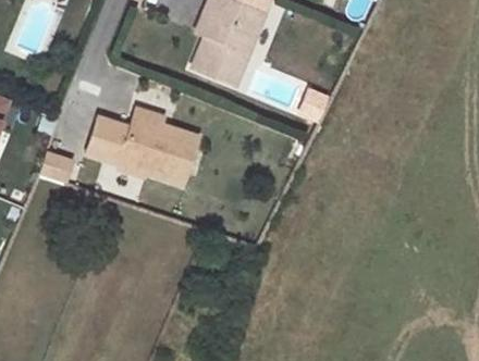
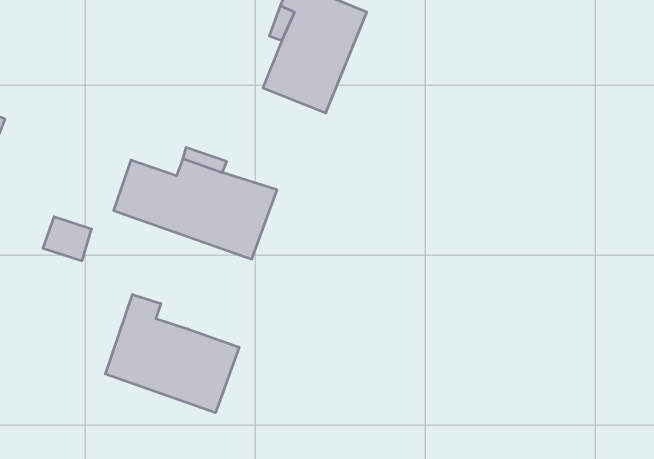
building: none -> [105,294,239,413]

